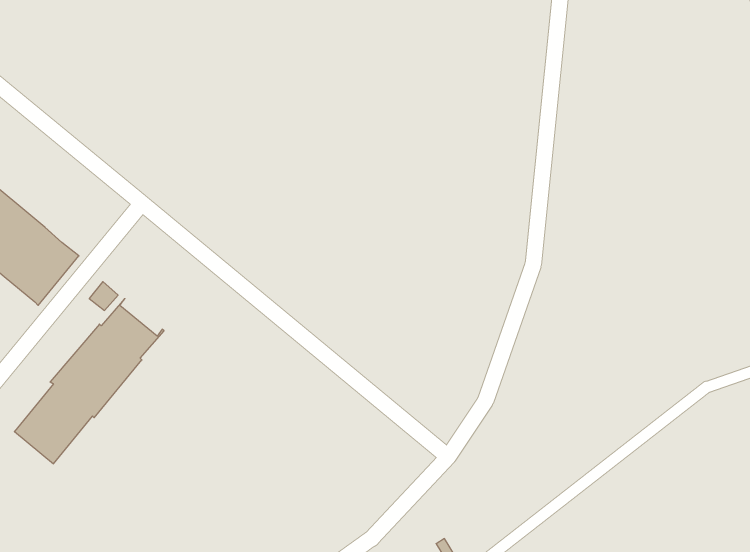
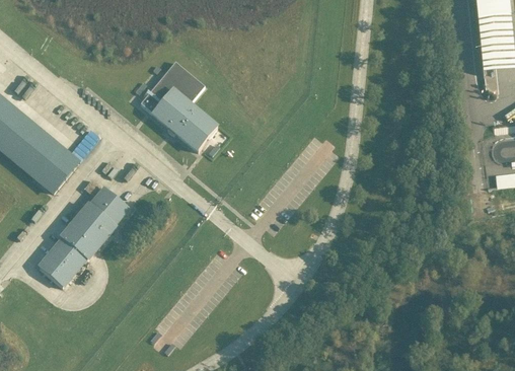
building: none -> [141,60,218,150]

